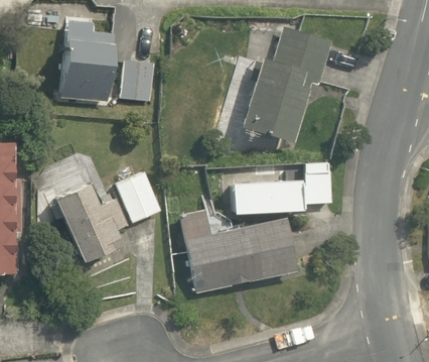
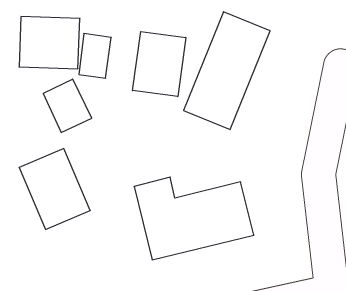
building: none -> [133,32,186,97]
building: [233,162,331,214] -> none
building: [114,167,165,224] -> [43,79,92,132]

